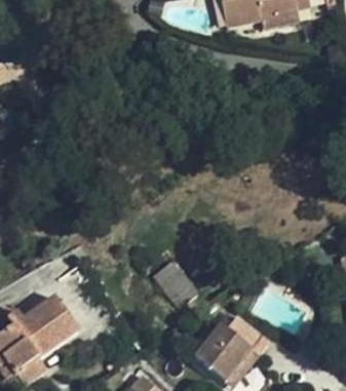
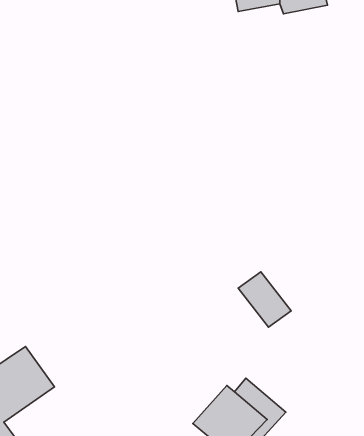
building: [153,261,196,306] -> [238,272,291,327]

